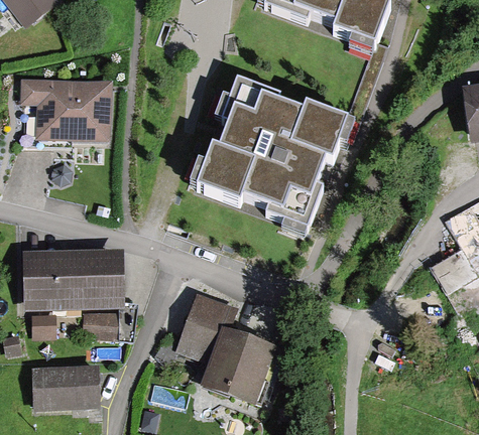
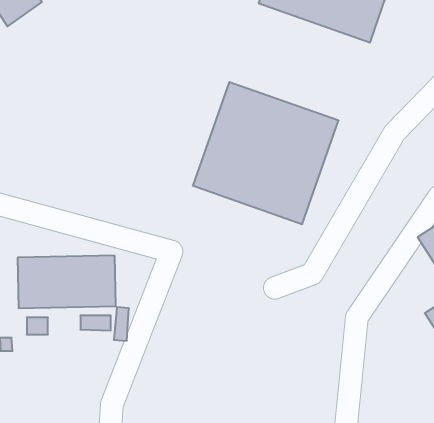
building: [25,80,111,136] -> none
building: [177,291,270,397] -> none
building: [36,369,99,408] -> none

